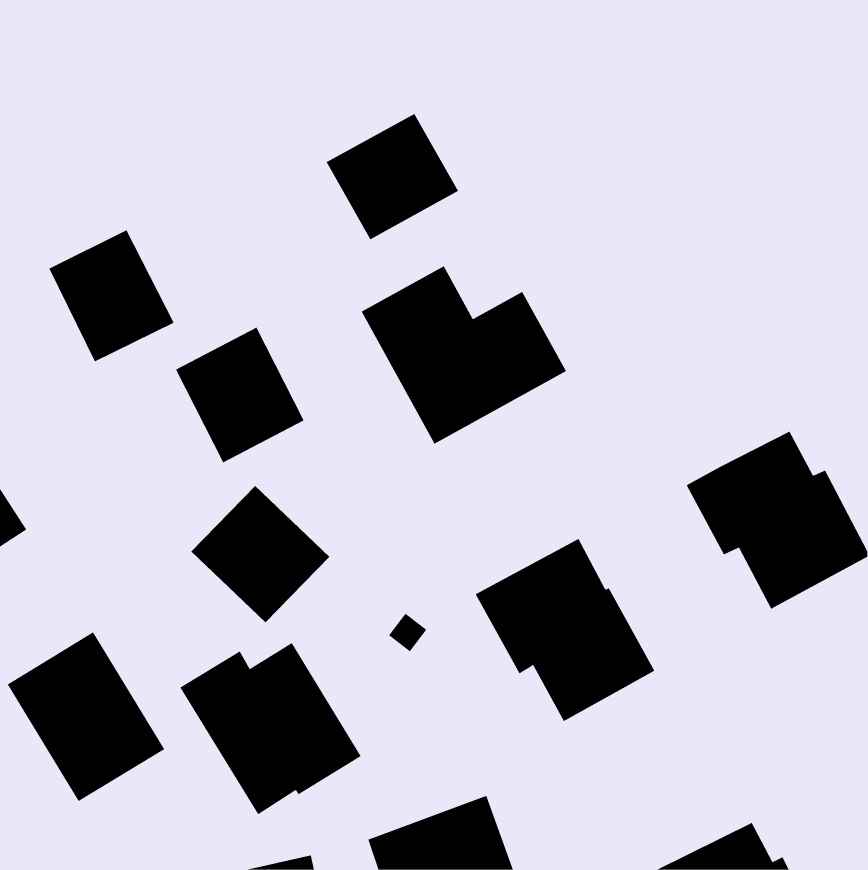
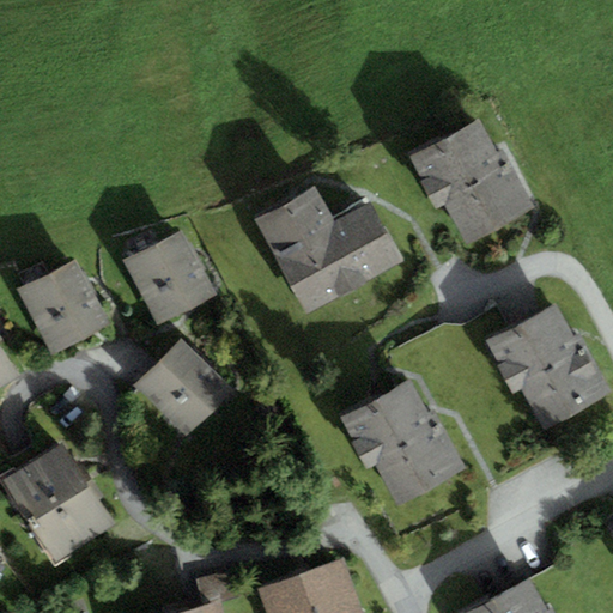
building: [326,113,459,240] -> none
building: none -> [407,121,535,247]
building: [49,229,174,362] -> [19,262,108,356]
building: [179,642,361,815] -> none

